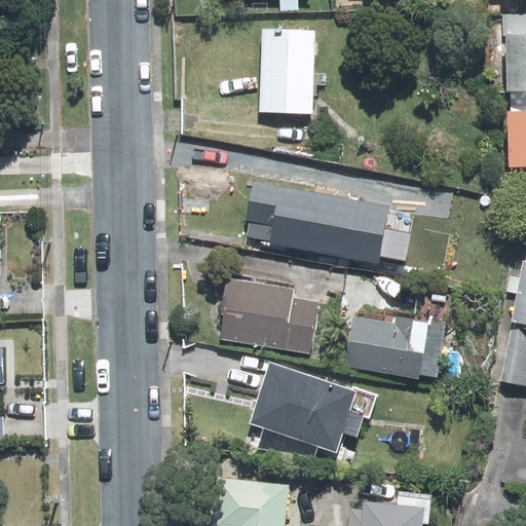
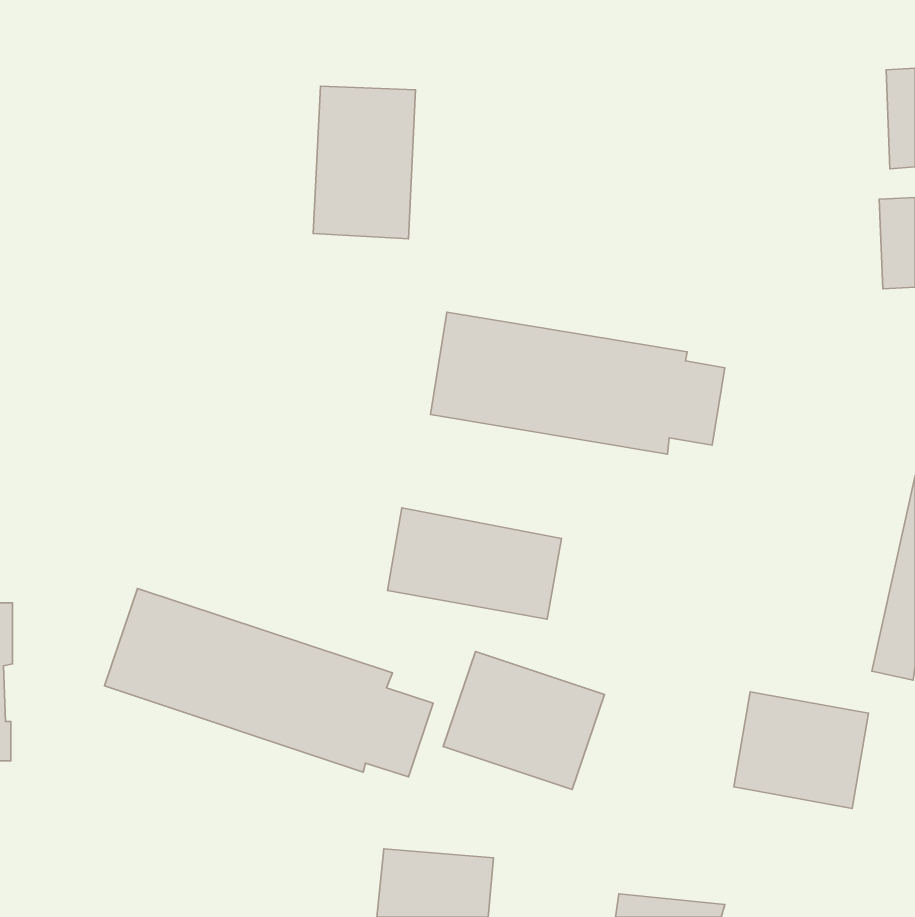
building: [260,25,318,112] -> [313,86,416,239]
building: [343,314,420,381] -> [734,692,868,808]
building: none -> [104,588,433,777]

